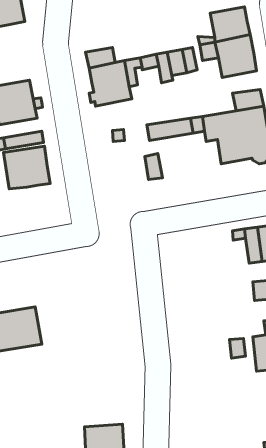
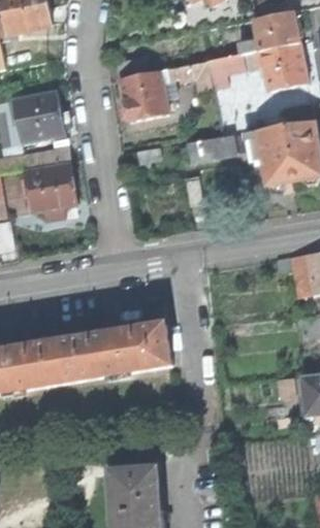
building: none -> [61,326,172,385]

